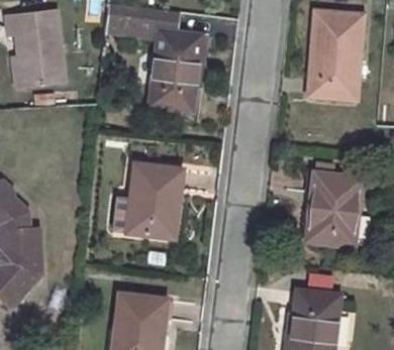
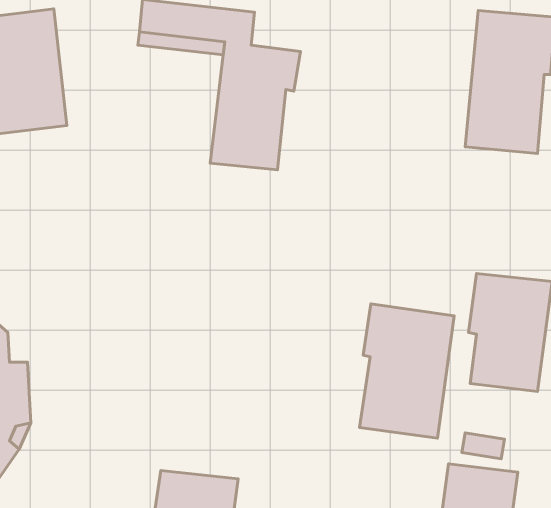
building: [127,164,183,236] -> none
building: none -> [360,304,454,438]

